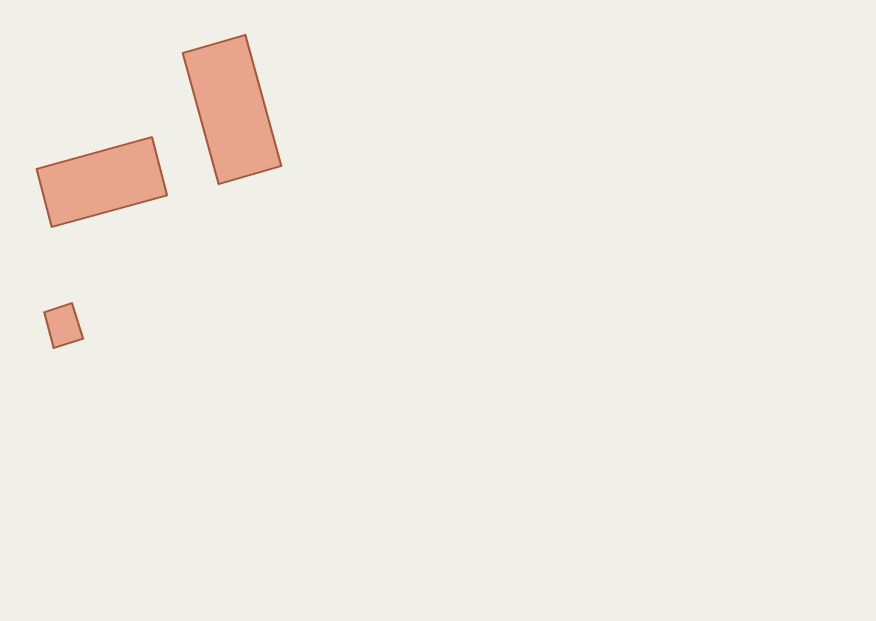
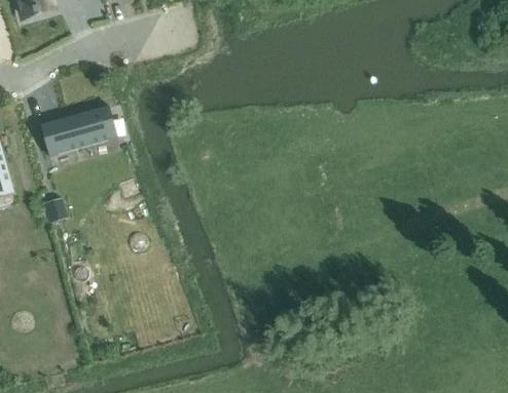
building: [183,35,281,184] -> none

